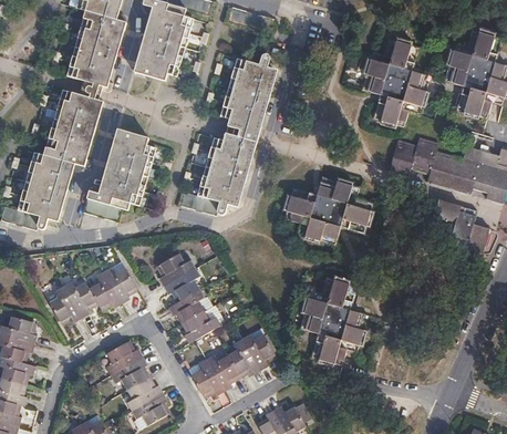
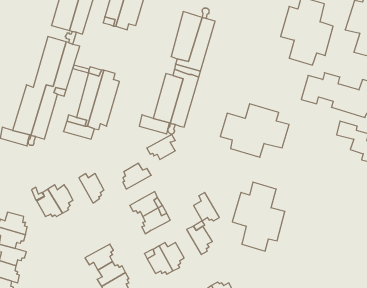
building: [163,268,199,300] -> [147,134,175,159]
building: [87,271,120,308] -> none
building: [226,338,259,374] -> [194,192,219,221]
building: [105,342,142,374] -> none

